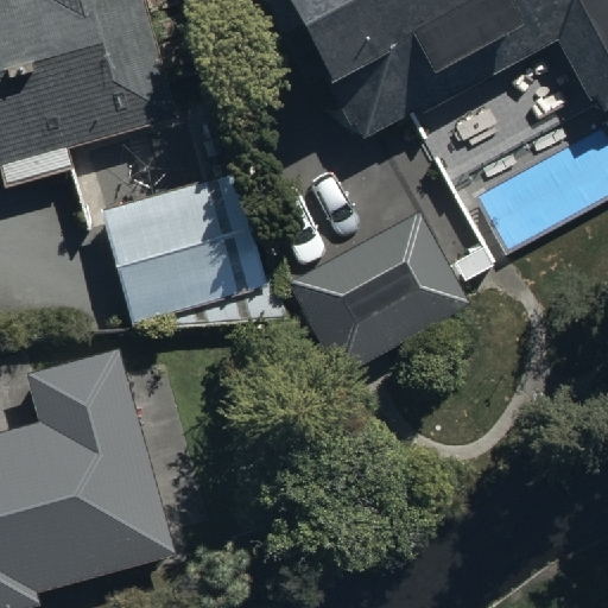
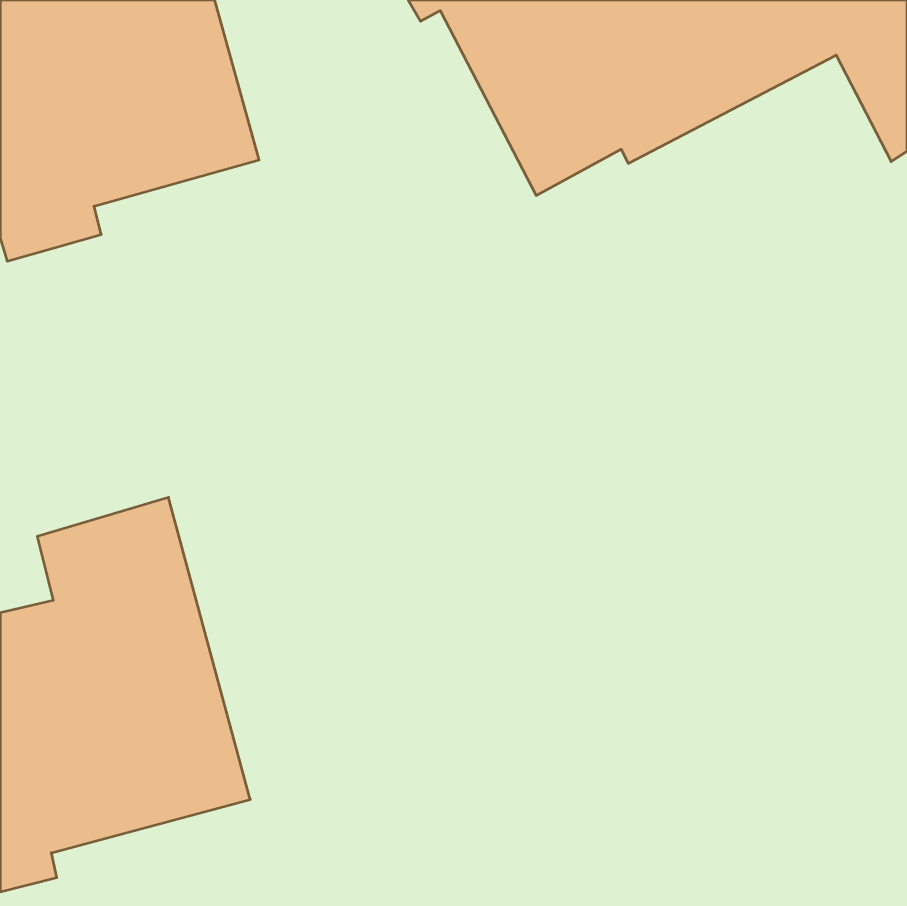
building: [103,176,286,328] -> none
building: [290,208,463,367] -> none

